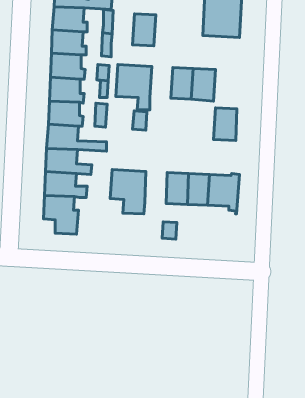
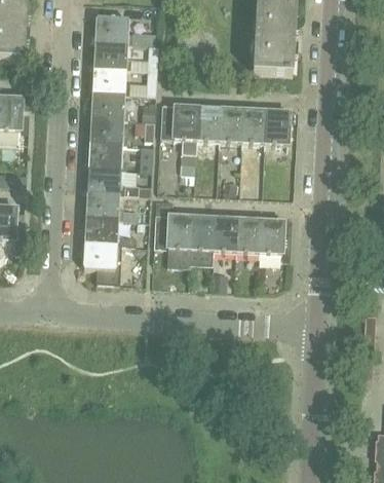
building: [133,14,156,46] -> [197,105,222,139]
building: [214,108,237,141] -> [265,108,290,143]
building: none -> [192,217,216,251]

